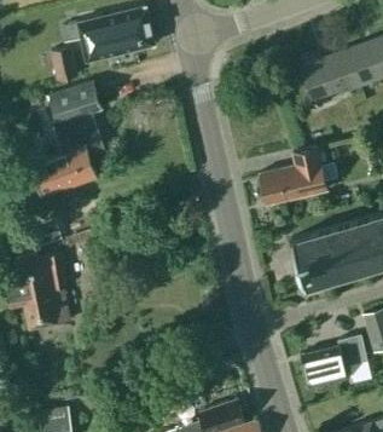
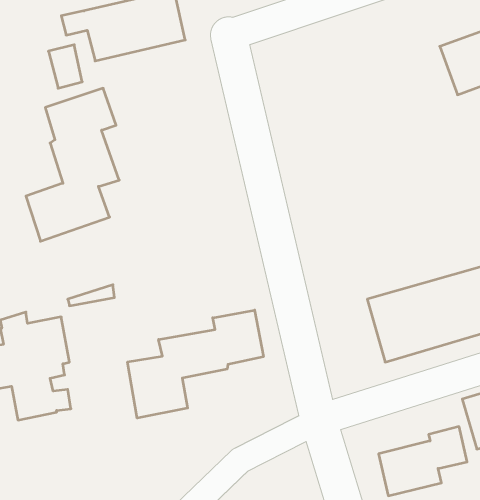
building: [300,50,359,103] -> none
building: [259,146,327,205] -> none
building: none -> [128,310,263,418]

